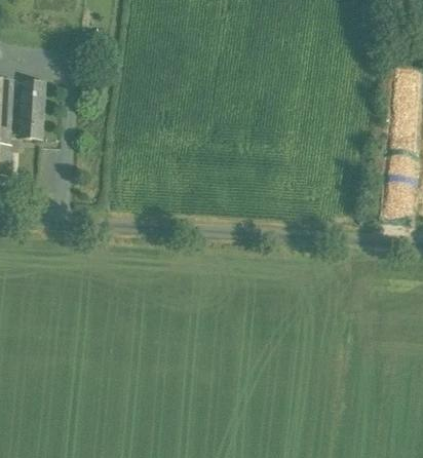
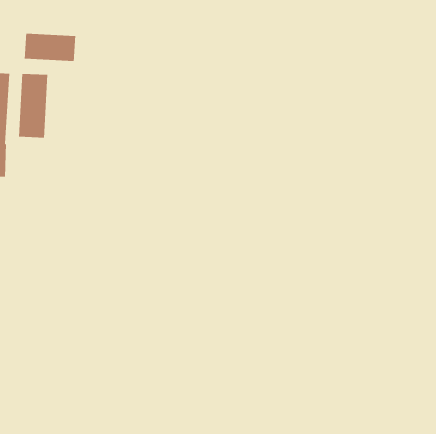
building: none -> [24,33,76,62]

